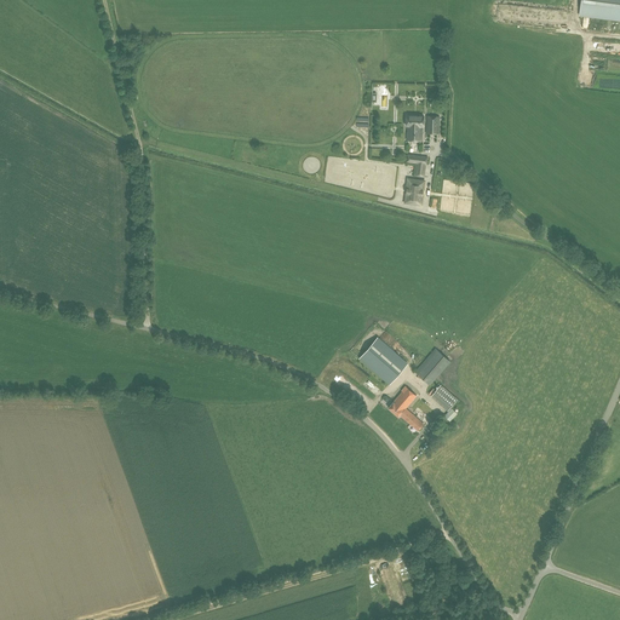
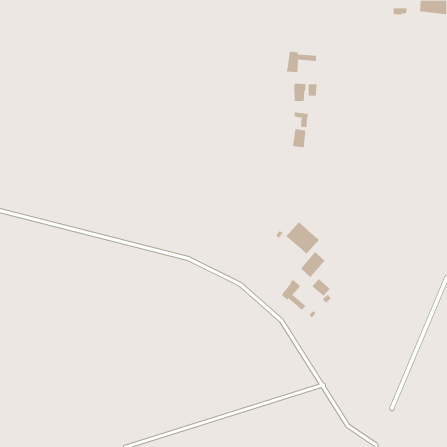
building: none -> [287,51,317,73]
building: [360,338,407,384] -> [286,221,320,255]

